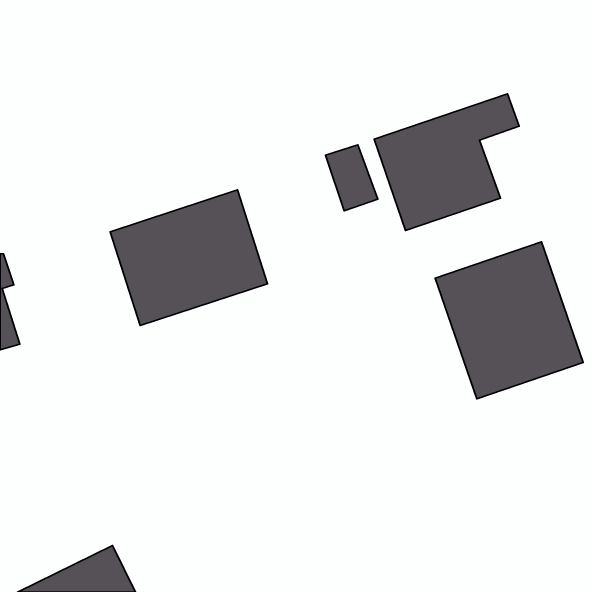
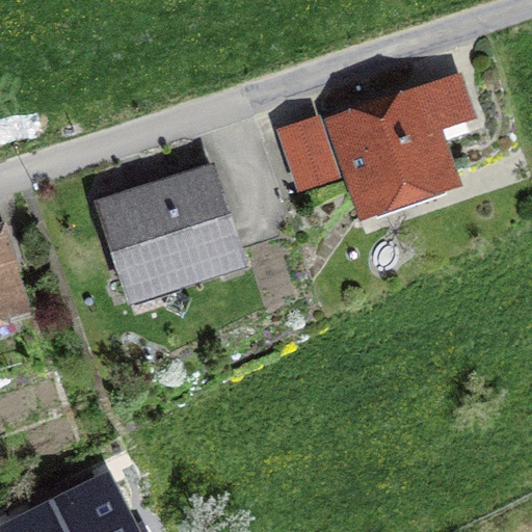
building: [435,242,583,399] -> none

